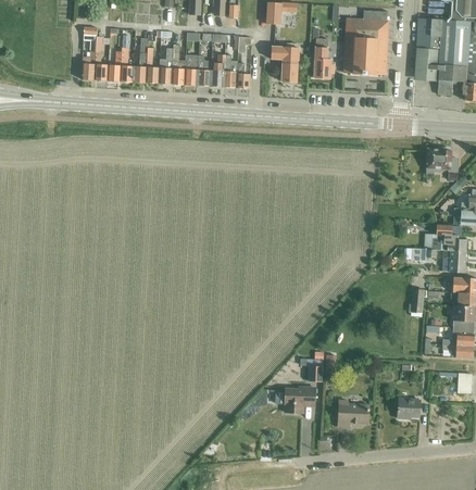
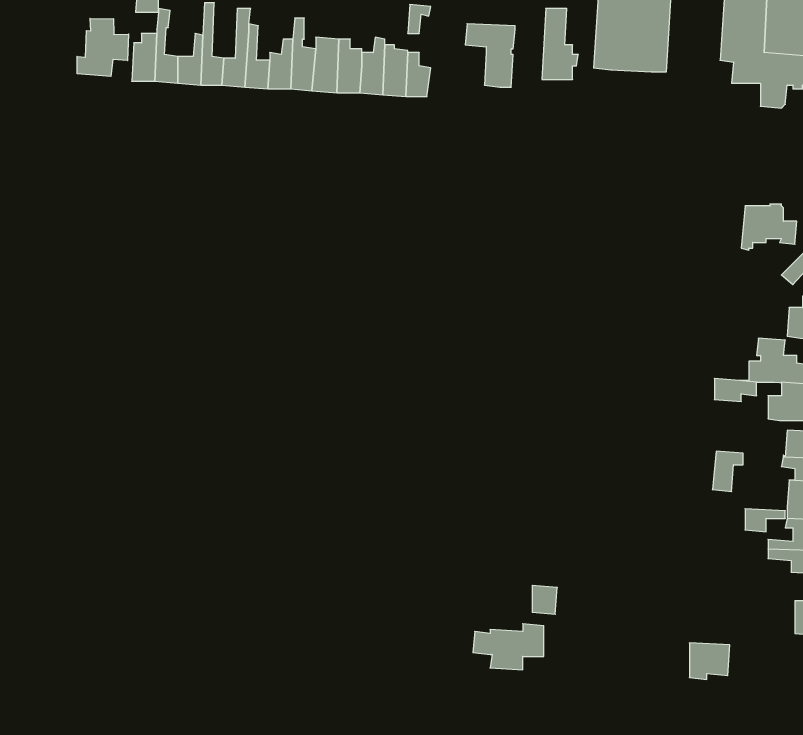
building: none -> [77,18,129,76]
building: [338,400,369,427] -> none

